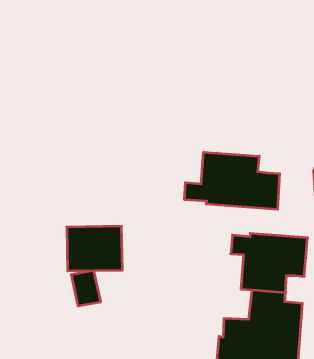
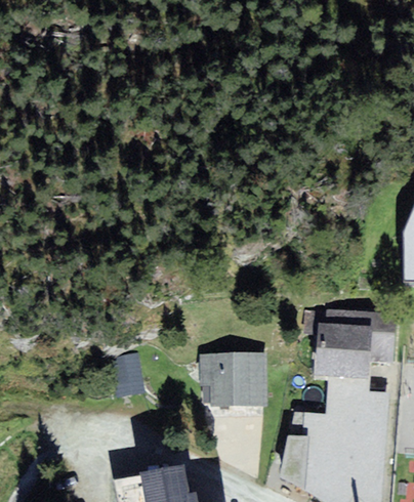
building: [185,152,280,209] -> none
building: [67,226,122,271] -> [199,352,266,407]

